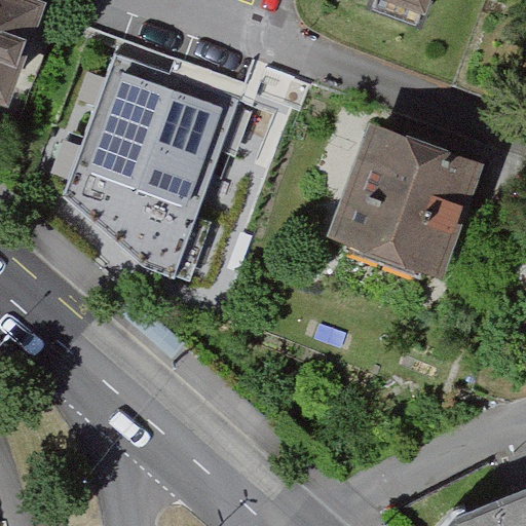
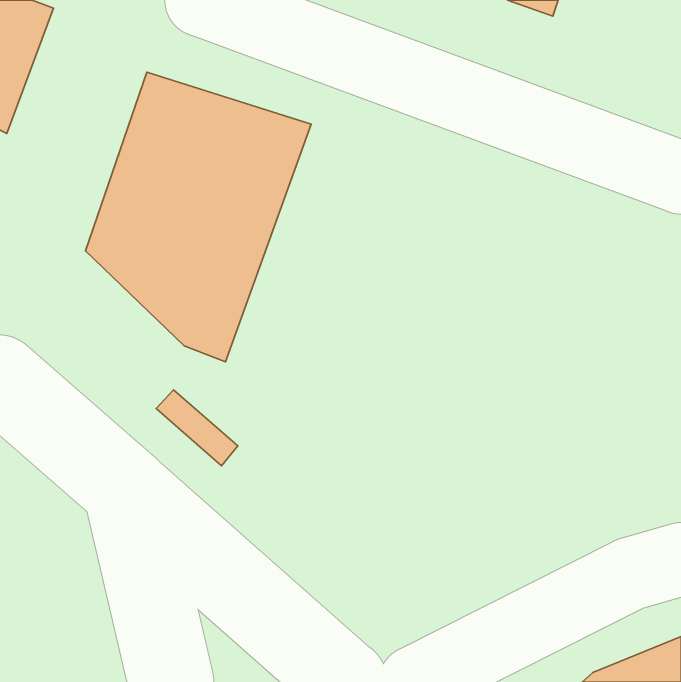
building: [327,122,483,280] -> none

